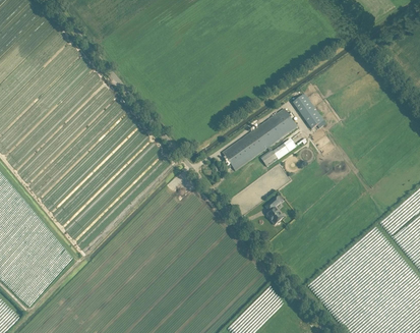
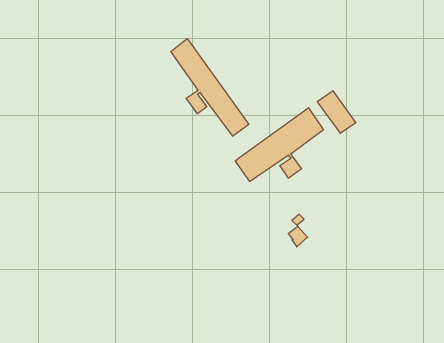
building: none -> [171,39,249,136]

